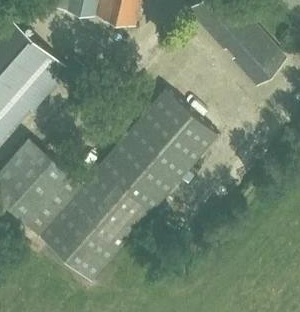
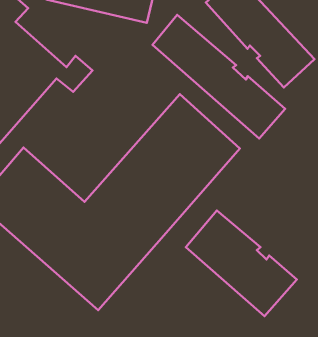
building: none -> [152,15,285,139]
building: none -> [186,211,297,316]

